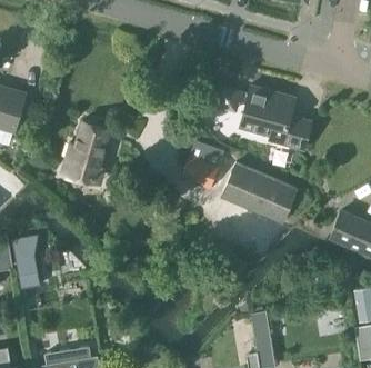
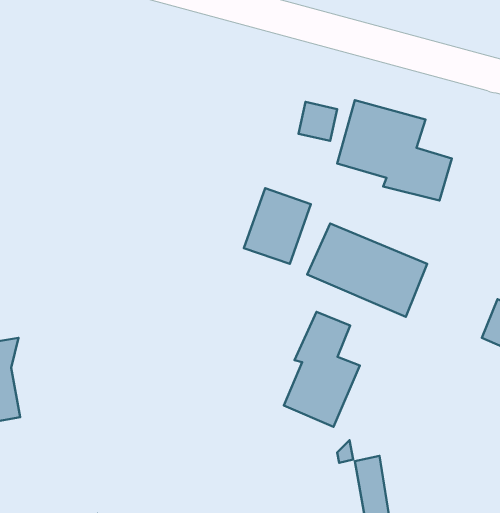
building: [62,120,111,185] -> none
building: none -> [284,312,360,427]

